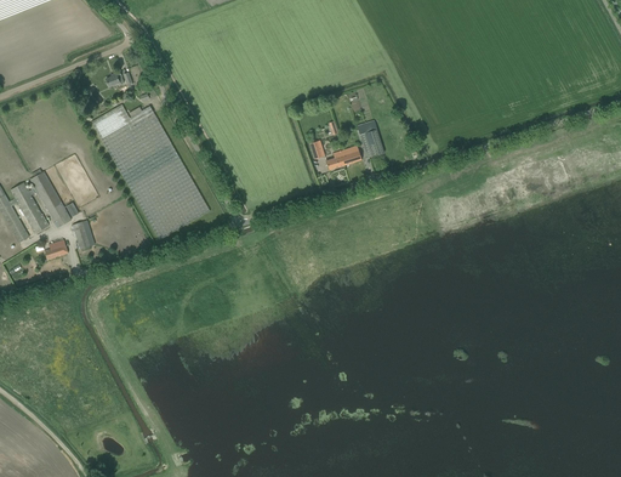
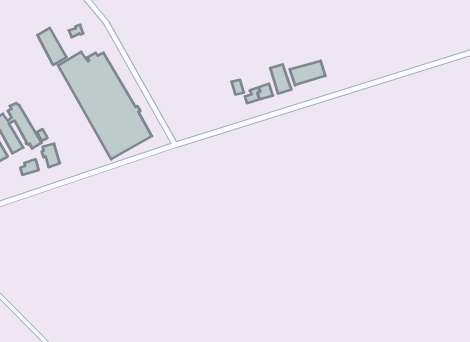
building: none -> [37,28,67,65]
building: none -> [290,61,325,85]

